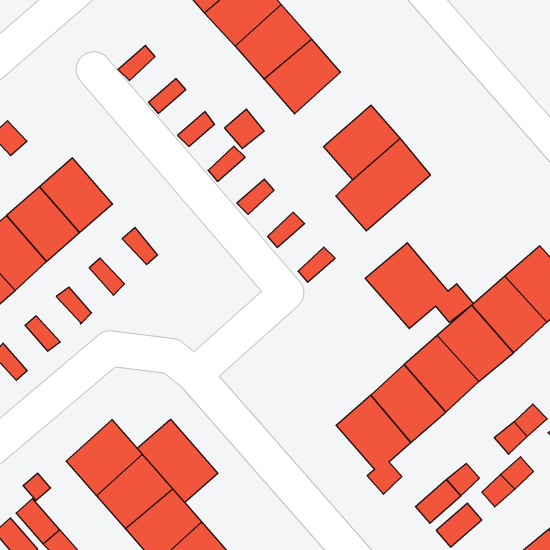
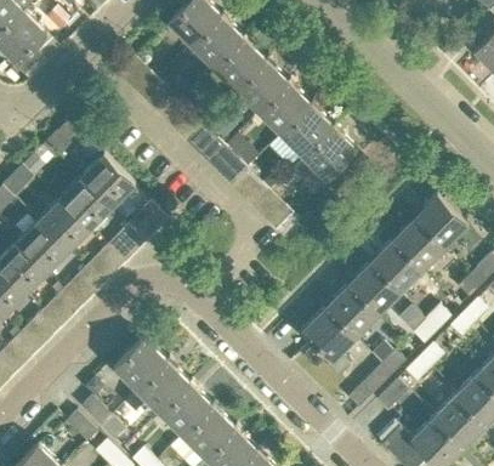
building: none -> [257,83,311,136]
building: [365,243,473,329] -> none
building: [137,419,218,502] -> none

